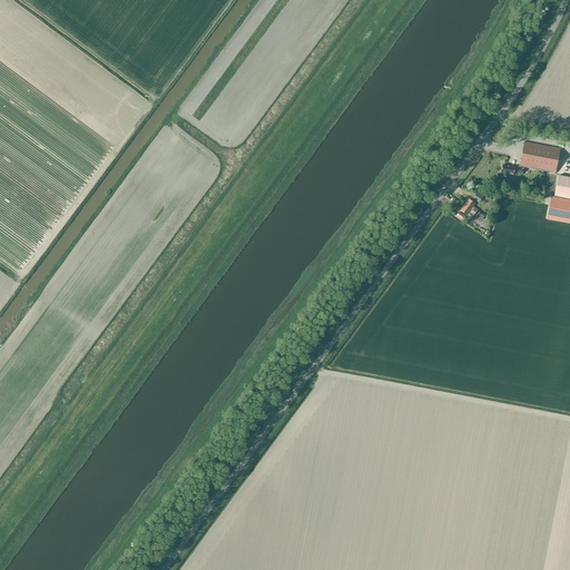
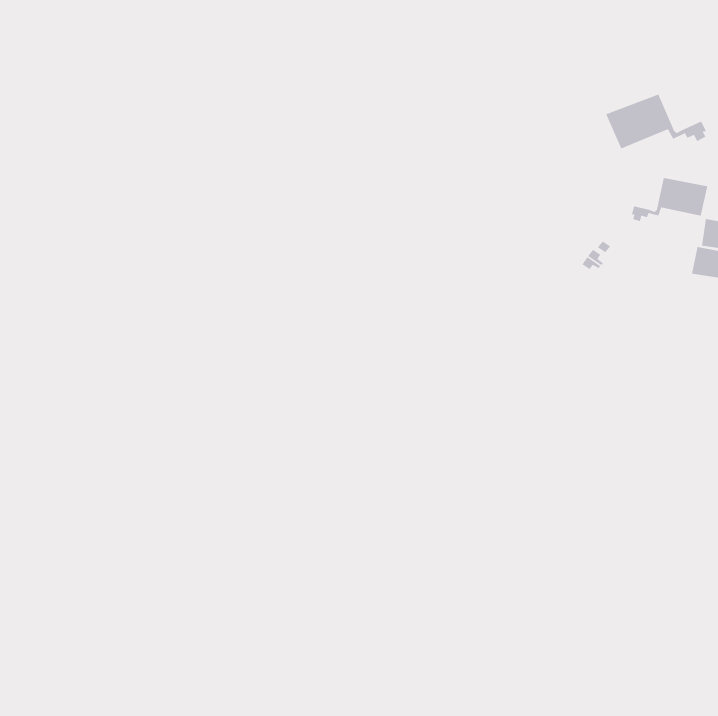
building: none -> [605,93,707,149]

